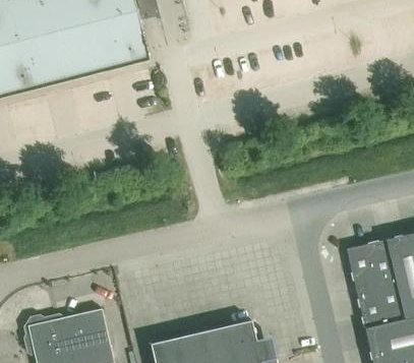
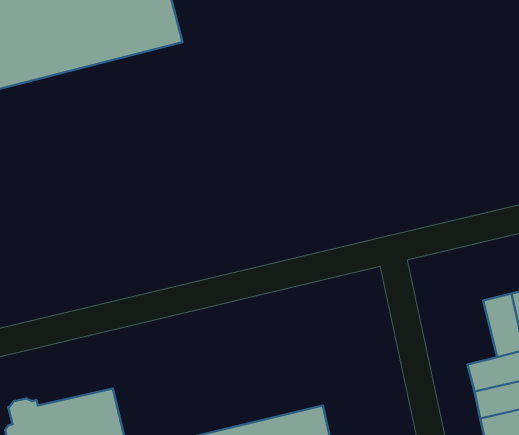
building: [347,244,377,290] -> none

